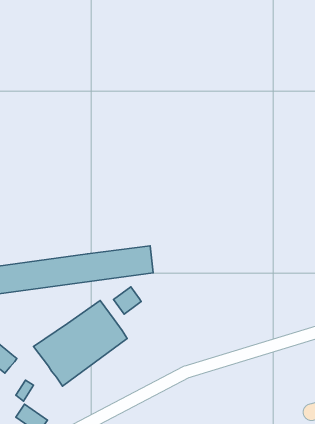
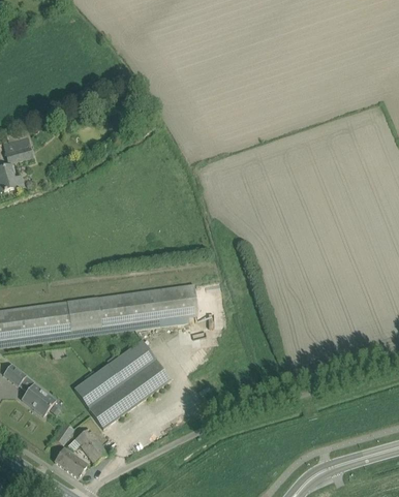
building: [114,287,141,314] -> none
building: none -> [74,427,108,463]

